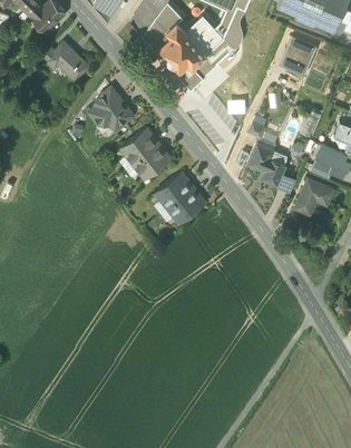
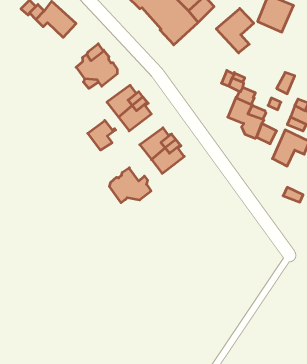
building: none -> [216,8,254,53]
building: none -> [88,120,116,150]
building: none -> [109,168,151,203]

